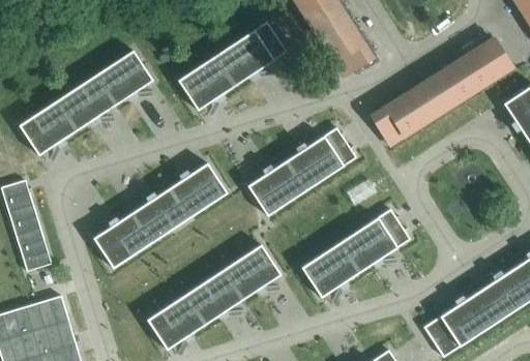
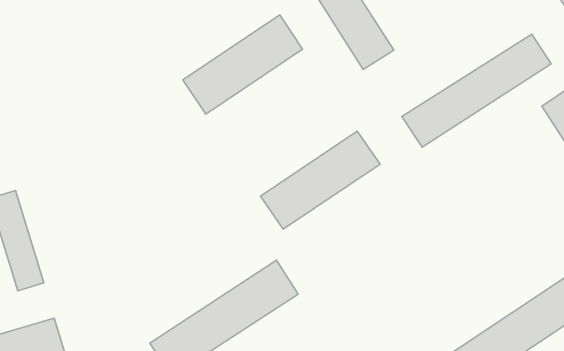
building: [18,51,152,156] -> none
building: [93,163,228,269] -> none
building: [300,209,409,299] -> none

